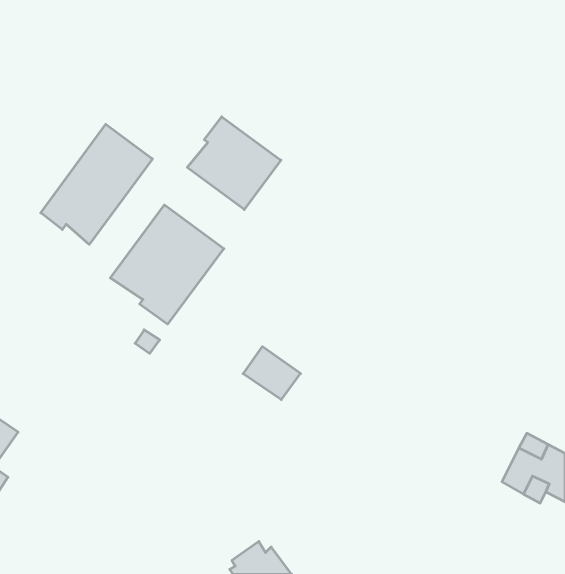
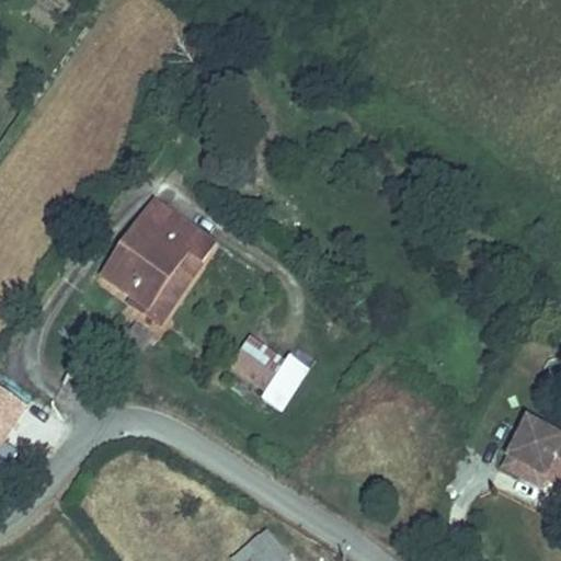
building: [187,117,281,210] -> none
building: [41,124,152,244] -> none

